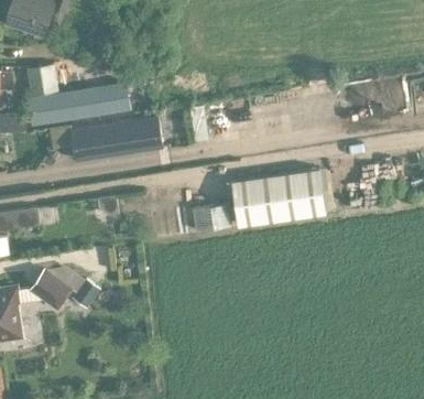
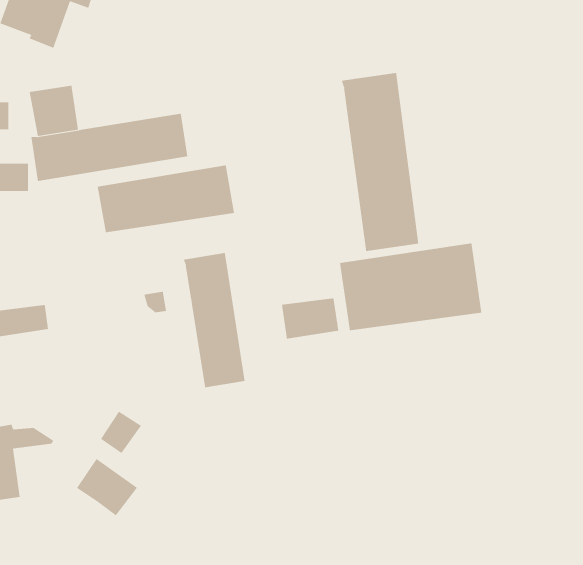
building: none -> [341,72,419,252]
building: none -> [183,252,245,388]
building: [29,270,69,309] -> [76,458,138,516]

